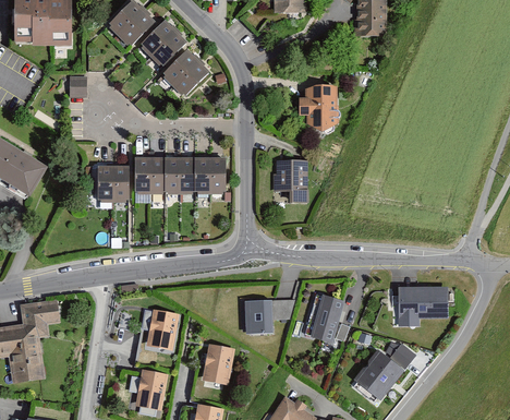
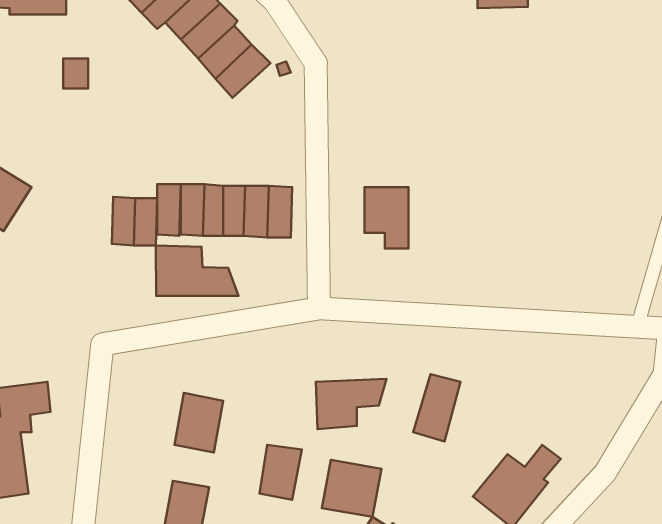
building: [300,91,336,131] -> none
building: none -> [156,245,239,296]
building: [397,285,447,324] -> none
building: none -> [322,460,381,517]

